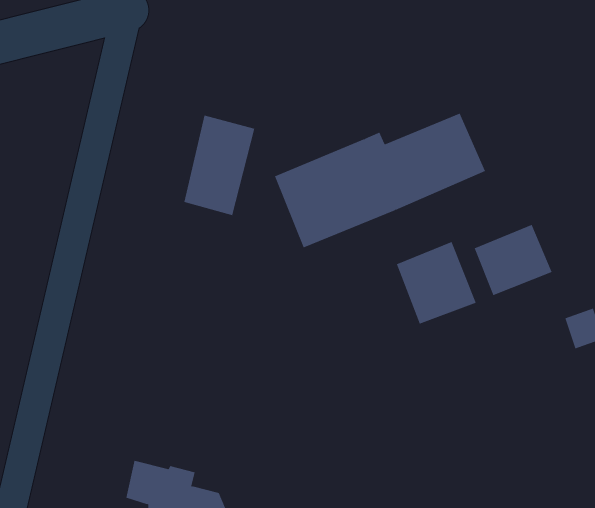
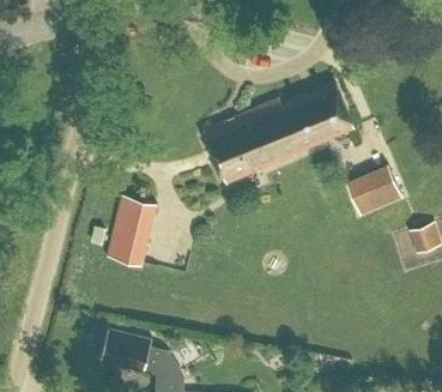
building: [183,115,255,216] -> [107,193,157,264]
building: [396,241,477,325] -> none

